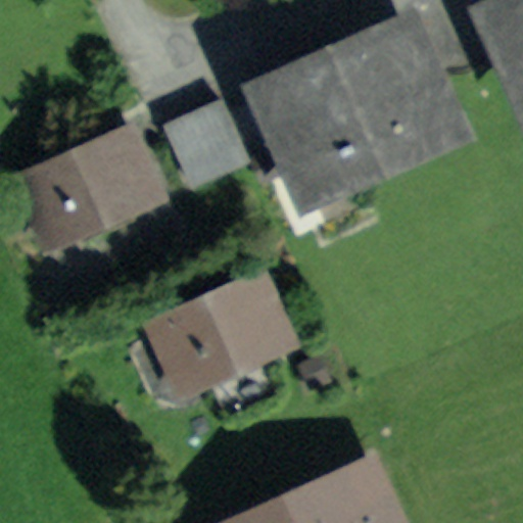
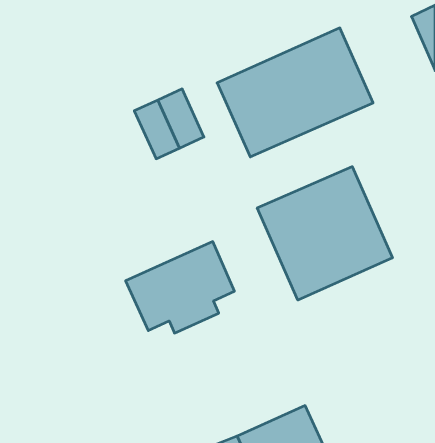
building: [13,140,142,244] -> none
building: none -> [257,167,392,300]

